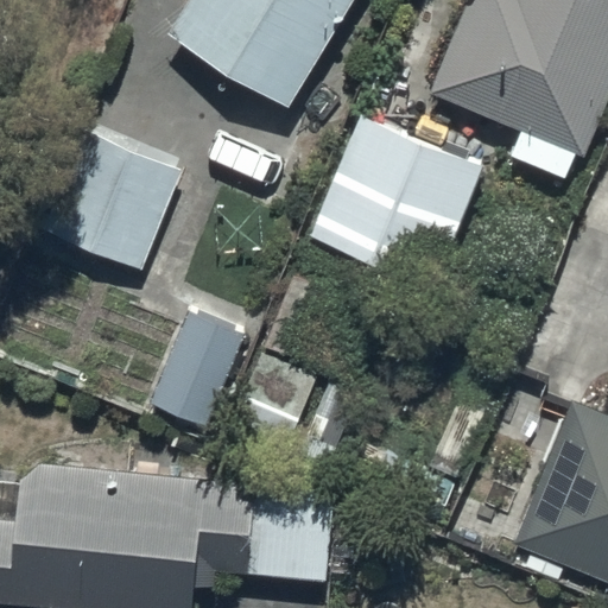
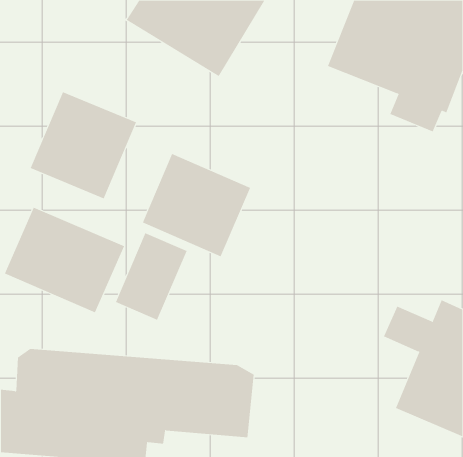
building: [315,114,489,287] -> none
building: none -> [142,153,251,257]
building: none -> [4,207,125,313]

